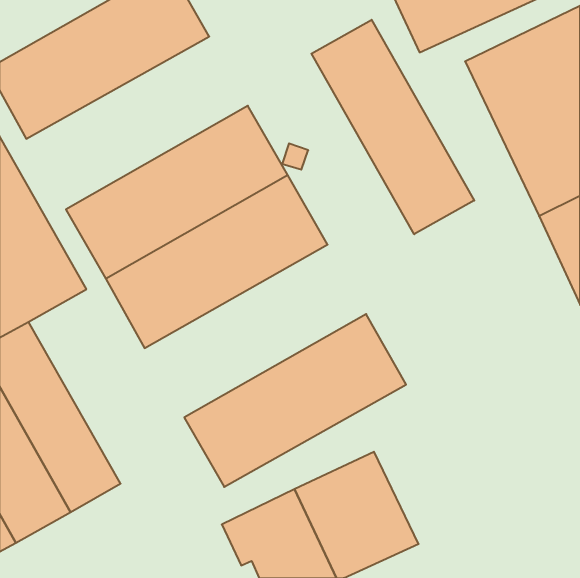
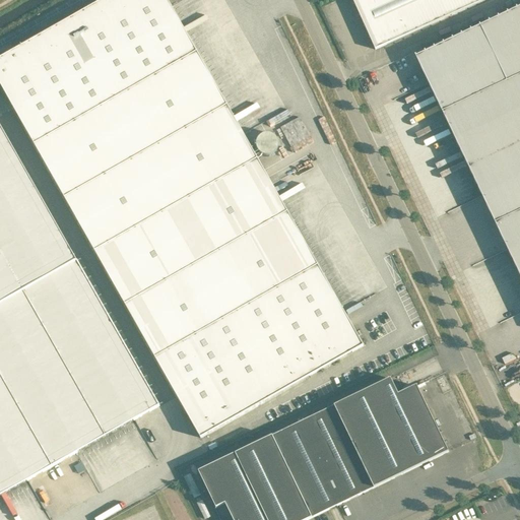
building: [311,20,474,234] -> none
building: none -> [23,32,221,187]
building: none -> [129,218,327,373]
building: none -> [25,258,159,432]
building: none -> [334,376,448,485]

